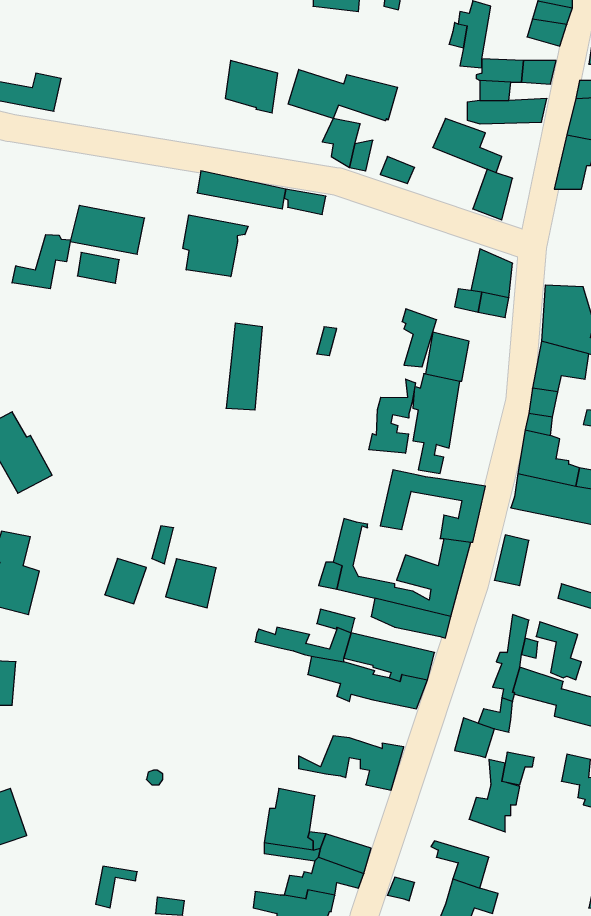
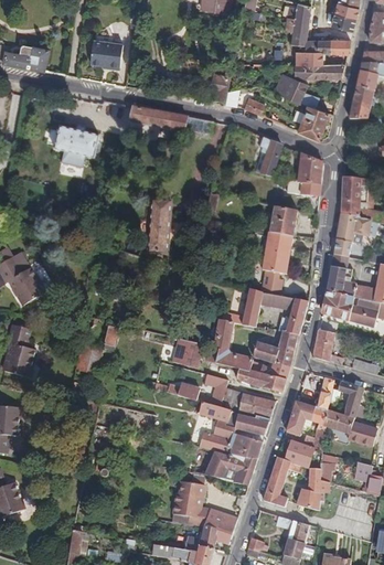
building: [225,60,278,113] -> [90,40,122,72]
building: [288,69,398,121] -> none
building: [183,215,248,277] -> none
building: [12,235,71,289] -> none
building: [402,309,437,367] -> [262,138,282,173]
building: [369,379,415,453] -> none
building: [166,559,216,608] -> [171,337,202,366]
building: none -> [286,399,317,435]
building: none -> [200,426,263,458]
building: none -> [263,456,303,507]

